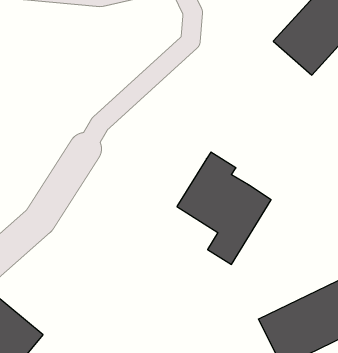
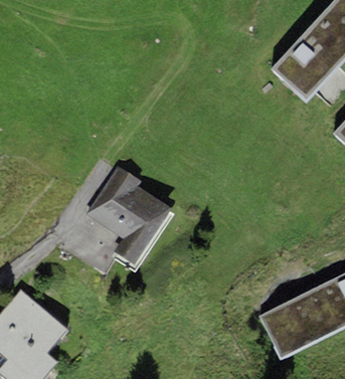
building: [177,152,271,264] -> [88,167,171,266]

